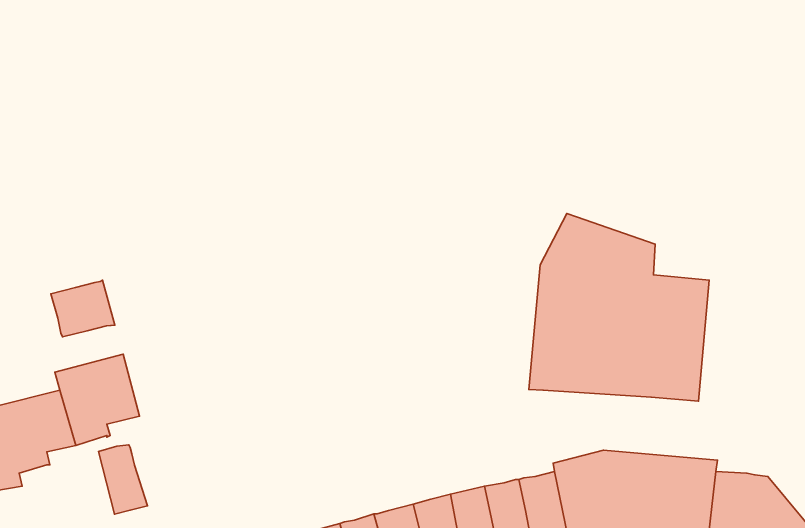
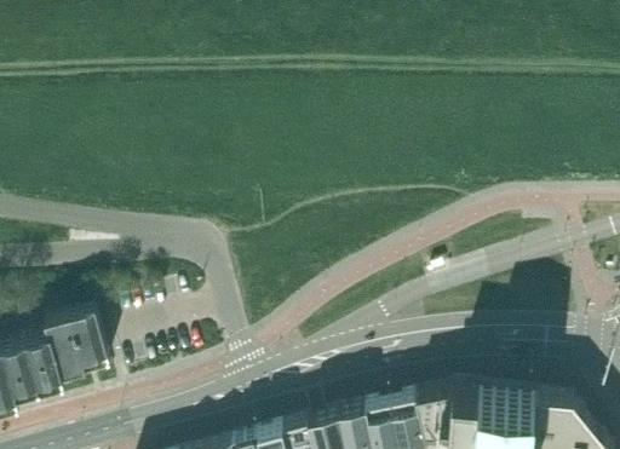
building: [529,213,709,401] -> none
building: [51,280,115,337] -> none
building: [98,445,147,514] -> none

